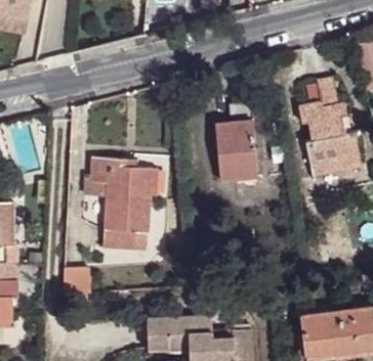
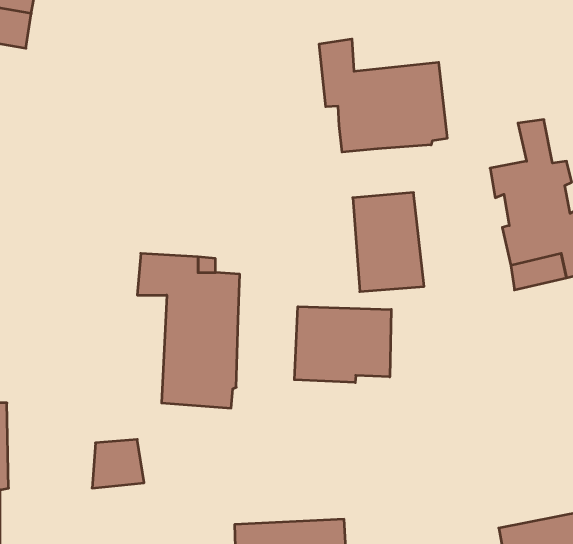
building: none -> [319,39,447,152]
building: none -> [294,307,391,383]

